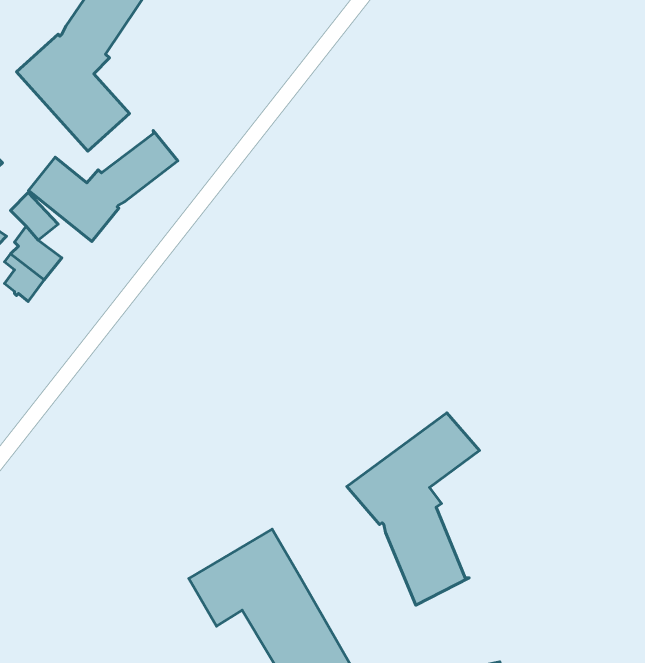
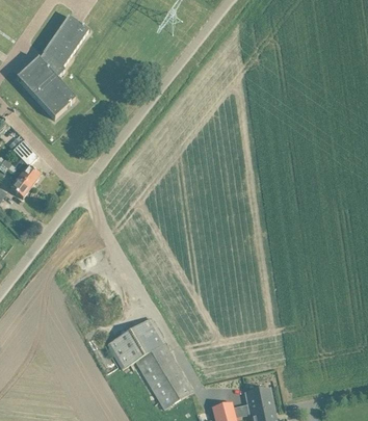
building: [28,131,178,241] -> none
building: [347,413,480,605] -> none

